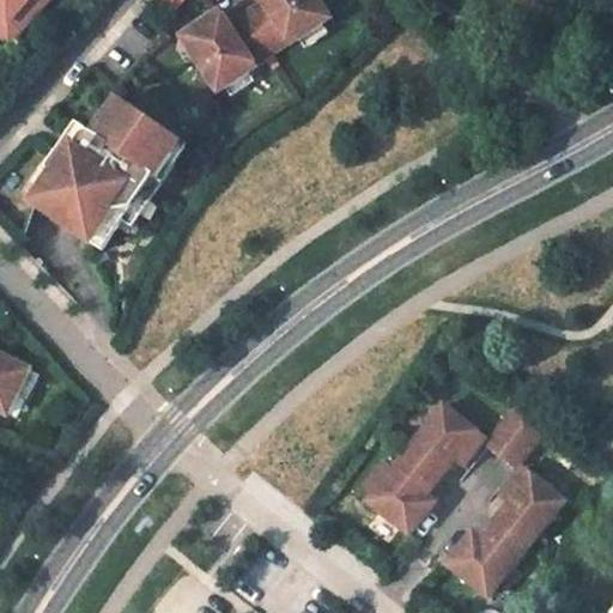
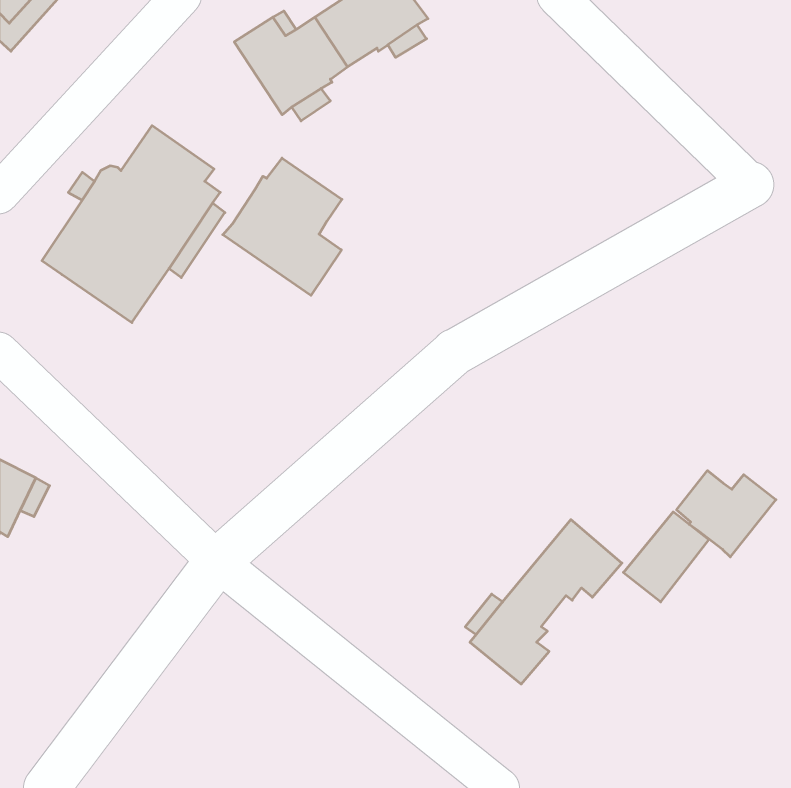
building: none -> [223,158,342,295]
building: none -> [677,471,776,557]
building: [442,463,560,593] -> none

